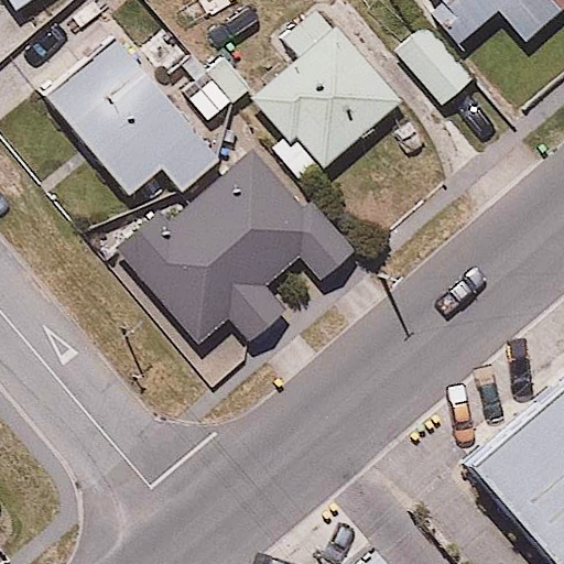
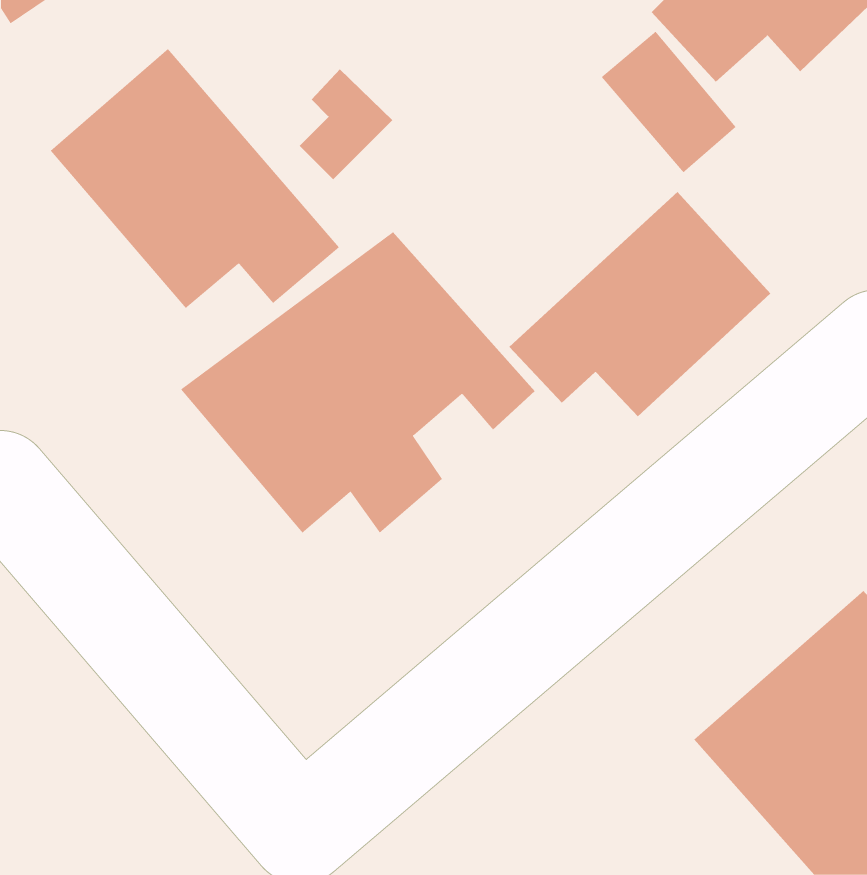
building: [250,4,405,177] -> none
building: none -> [509,191,771,417]

